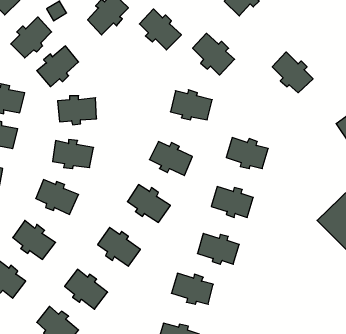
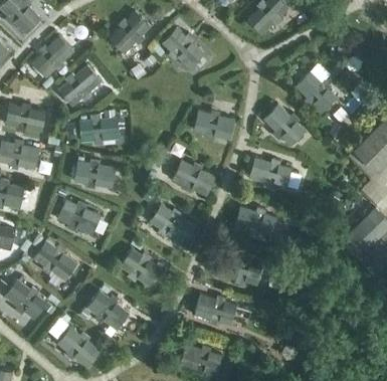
building: [193,33,235,75] -> [263,104,306,146]

